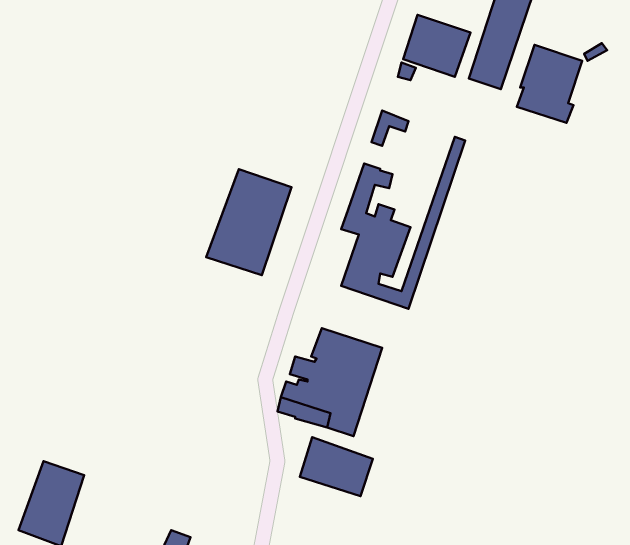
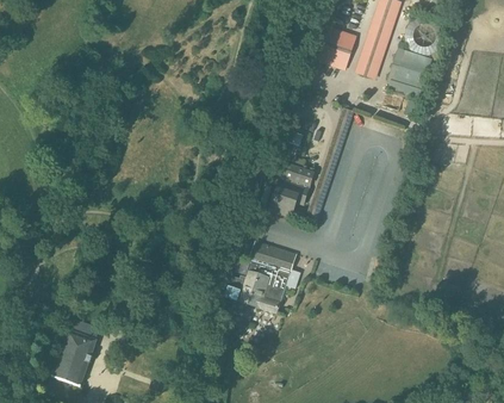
building: [206,169,291,275] -> none
building: [300,437,373,496] -> none

